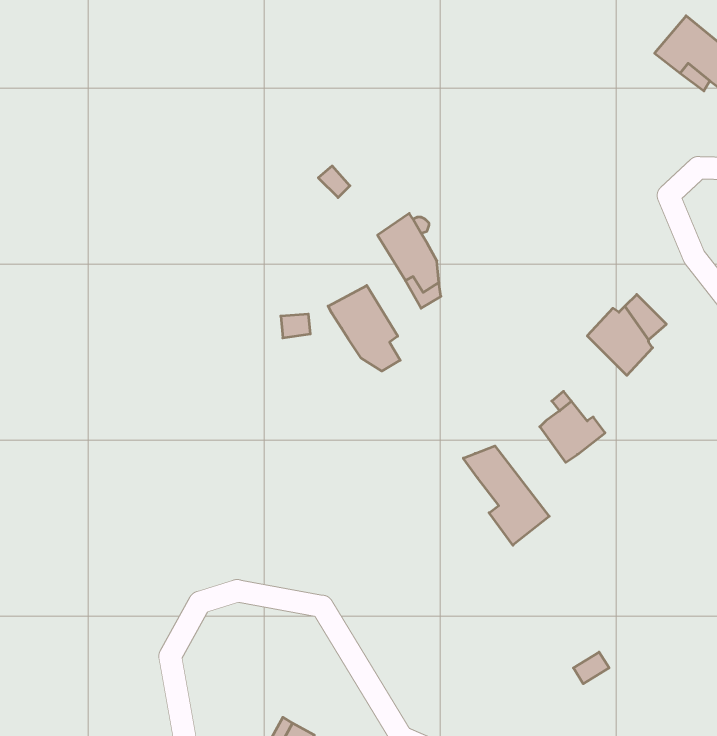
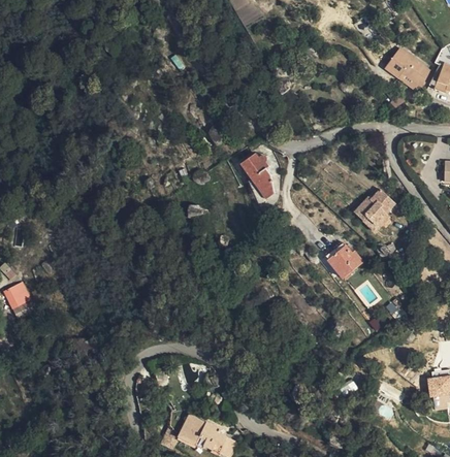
building: [328,285,400,371] -> none
building: [463,446,549,545] -> none

